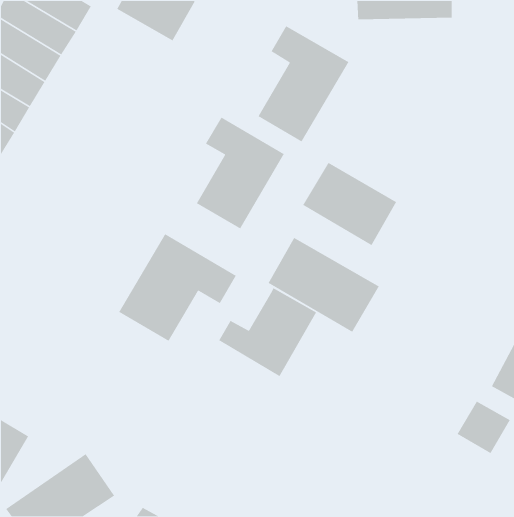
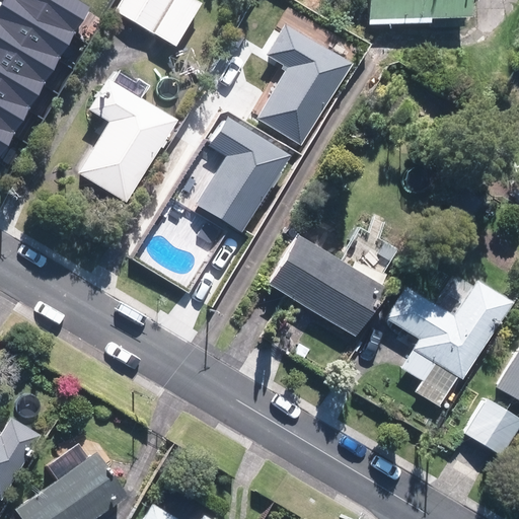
building: none -> [70,83,166,204]
building: [302,162,397,246] -> none
building: [118,233,237,342] -> none
building: none -> [388,281,509,403]
building: [218,287,317,377] -> none

